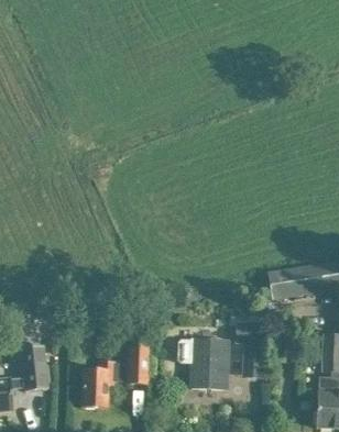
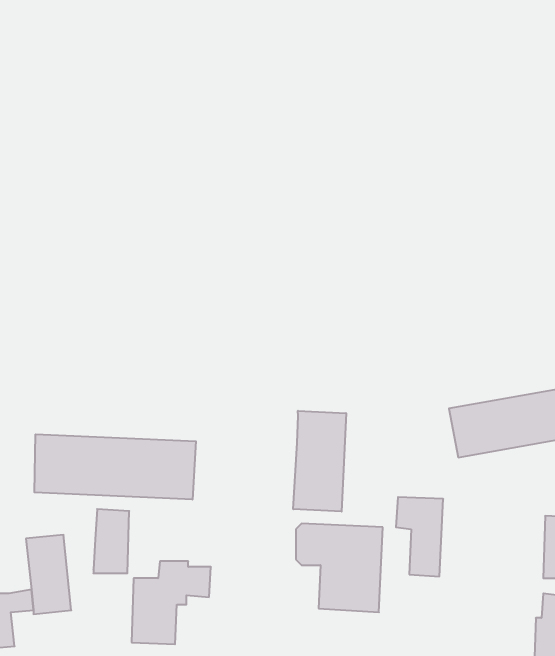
building: none -> [293,411,346,512]
building: none -> [34,434,196,500]
building: [127,346,147,384] -> [93,509,129,573]

